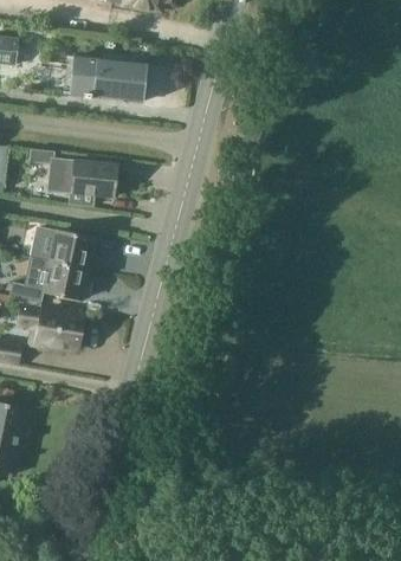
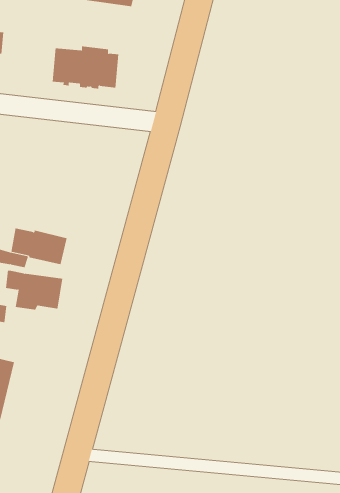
building: [46,157,117,207] -> none
building: [28,226,95,270] -> none

